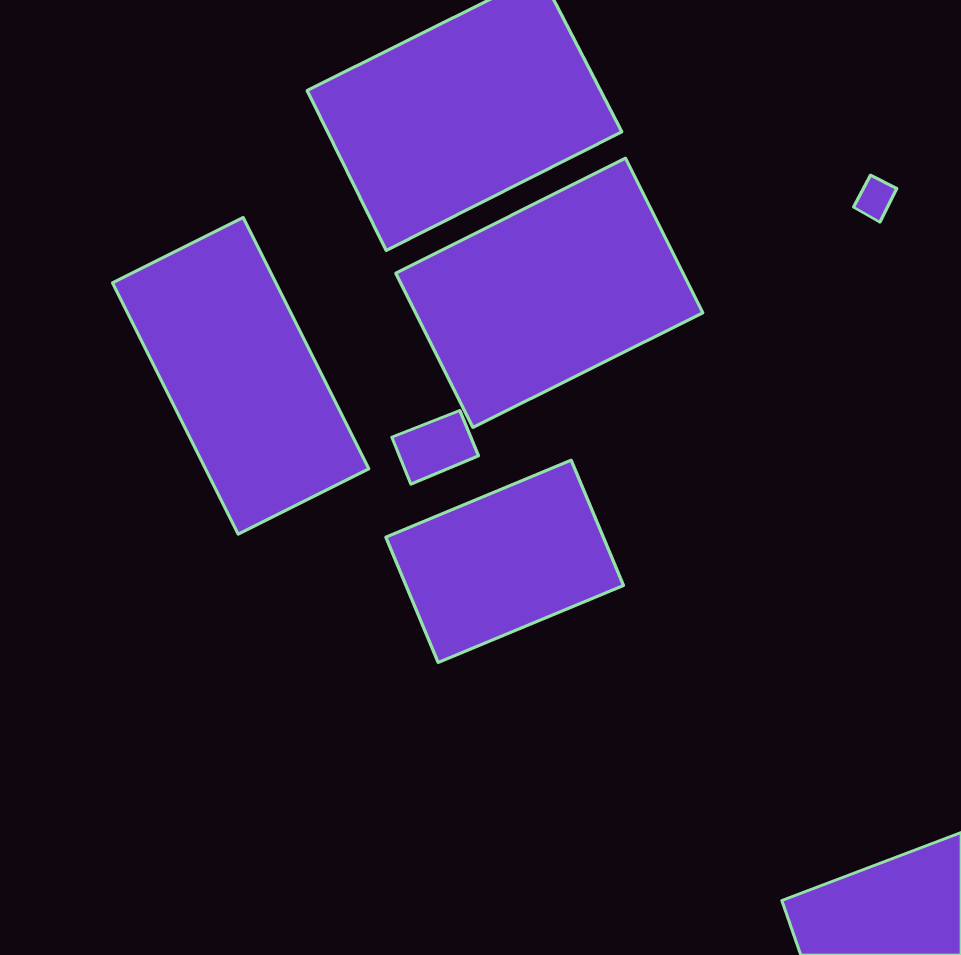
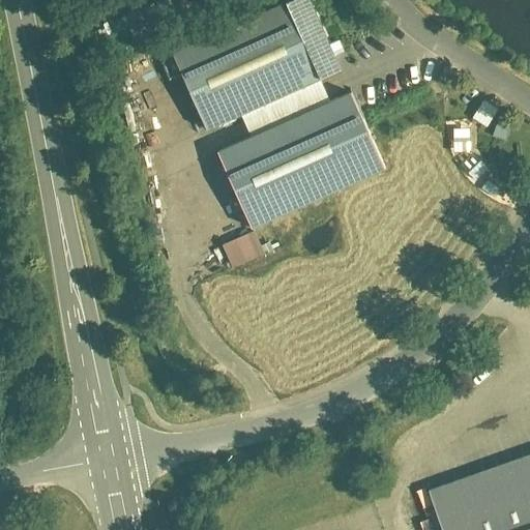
building: [112,218,369,534] -> none
building: [386,460,623,663] -> none

